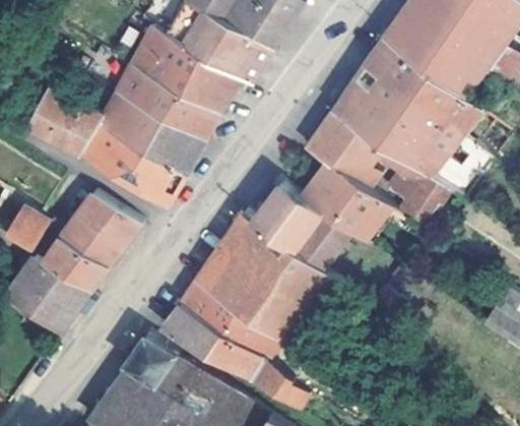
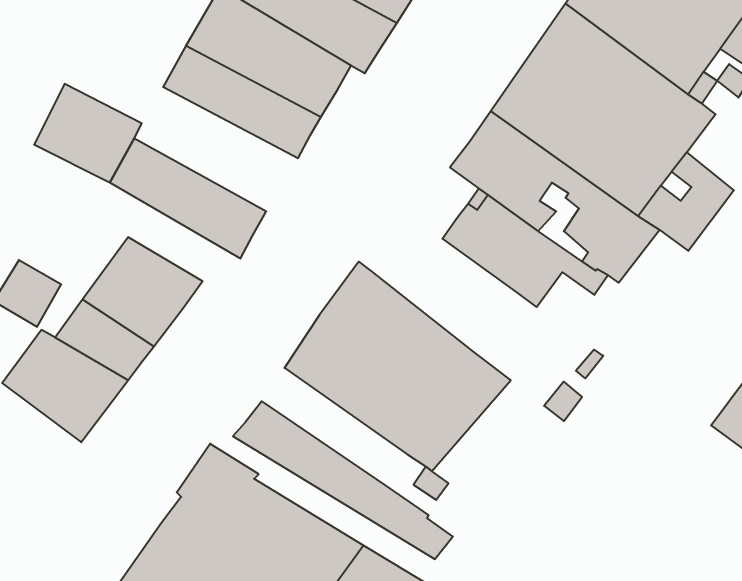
building: [94,92,204,175] -> none
building: [253,179,351,268] -> none
building: [180,280,277,358] -> none

